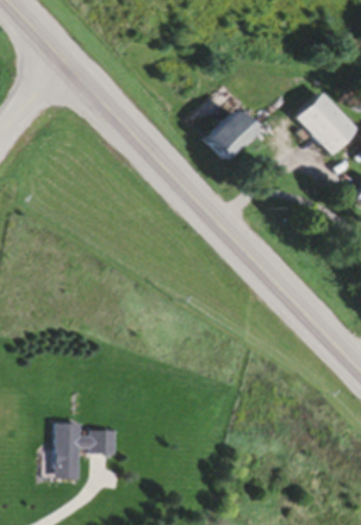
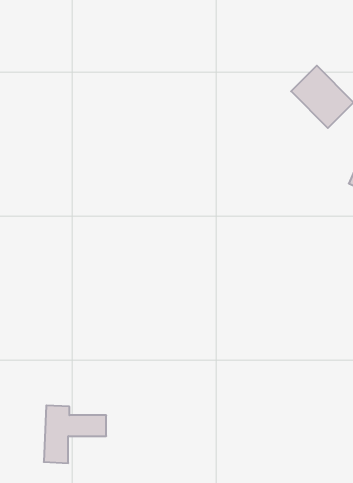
building: [205,110,255,160] -> none

